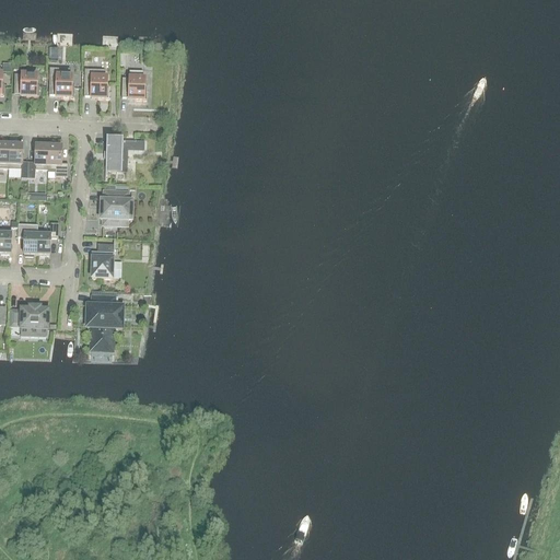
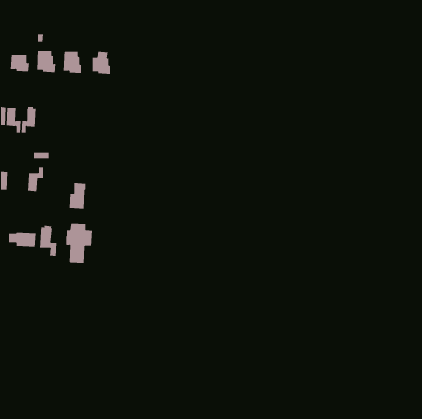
building: [106,138,145,178] -> none
building: [48,143,69,175] -> none
building: [102,189,132,223] -> none
building: [19,222,38,255] -> none
building: none -> [40,225,57,257]

